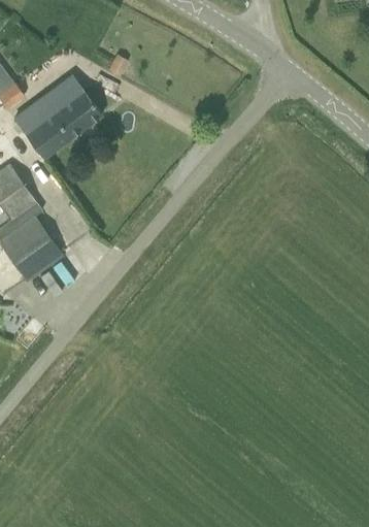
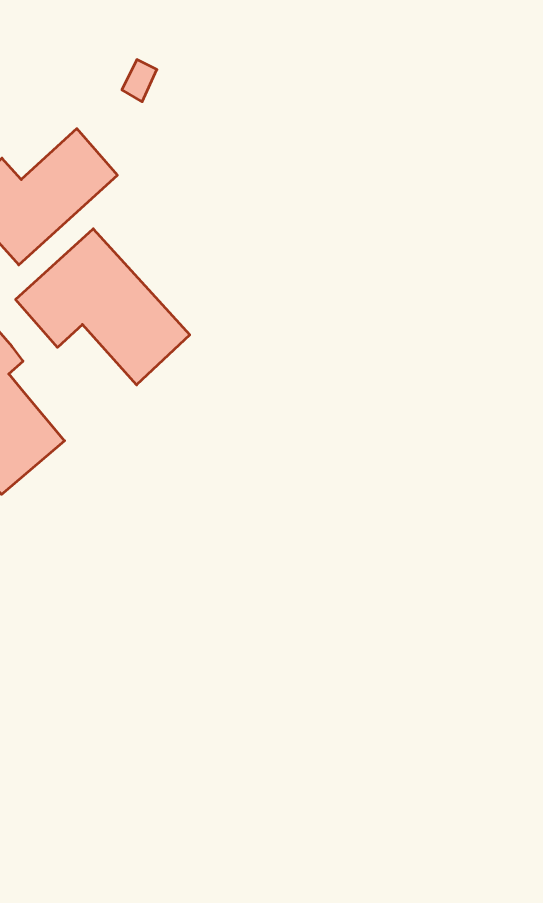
building: none -> [16,229,190,385]

